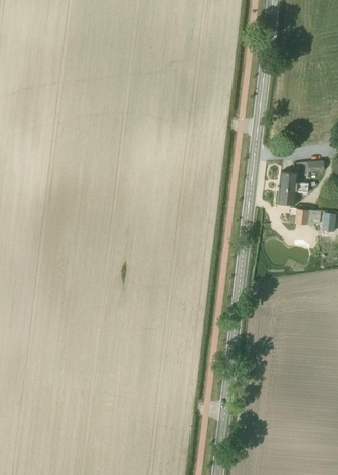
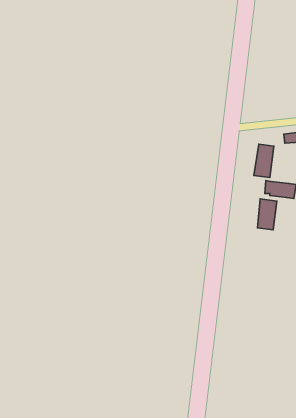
building: none -> [257,199,277,230]

